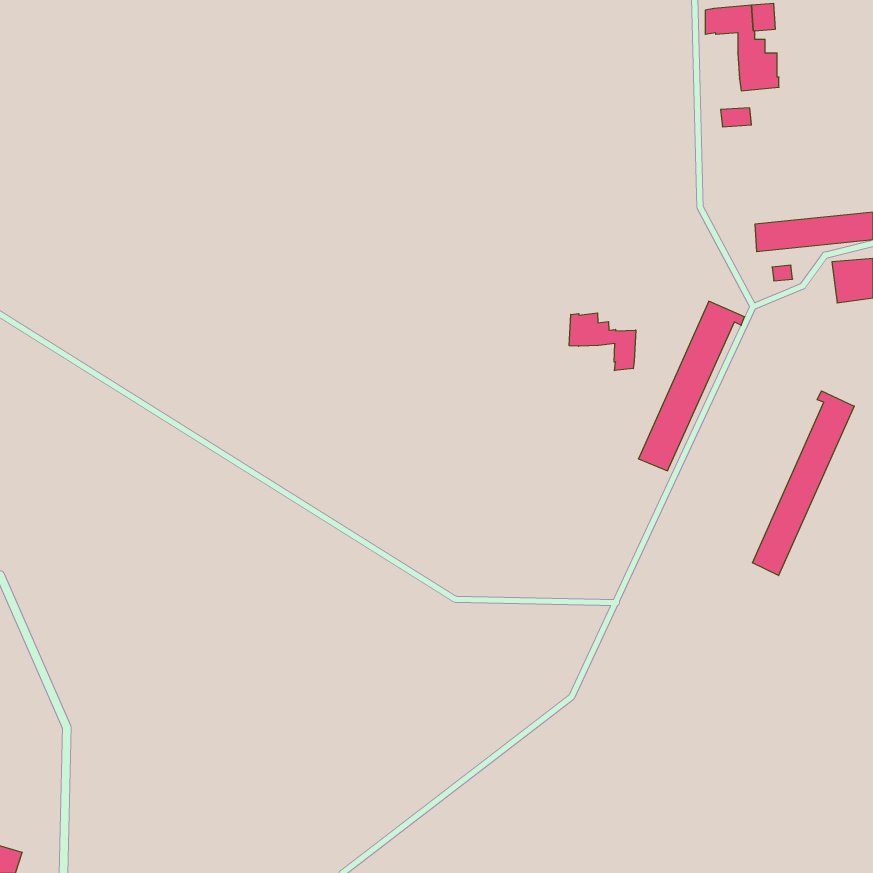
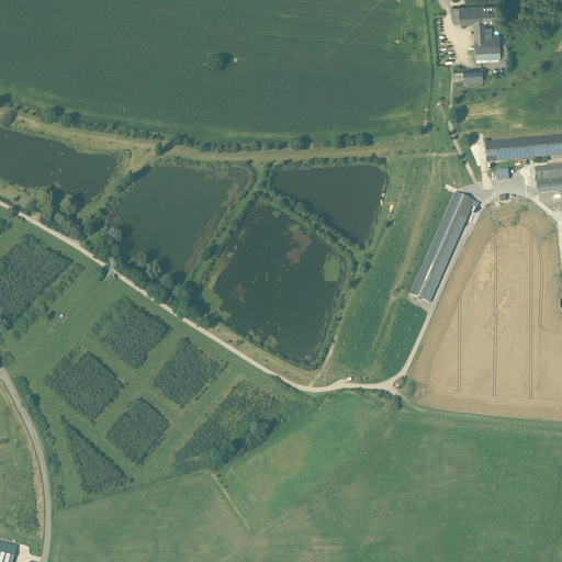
building: [569,313,636,371] -> none
building: [753,391,854,576] -> none

